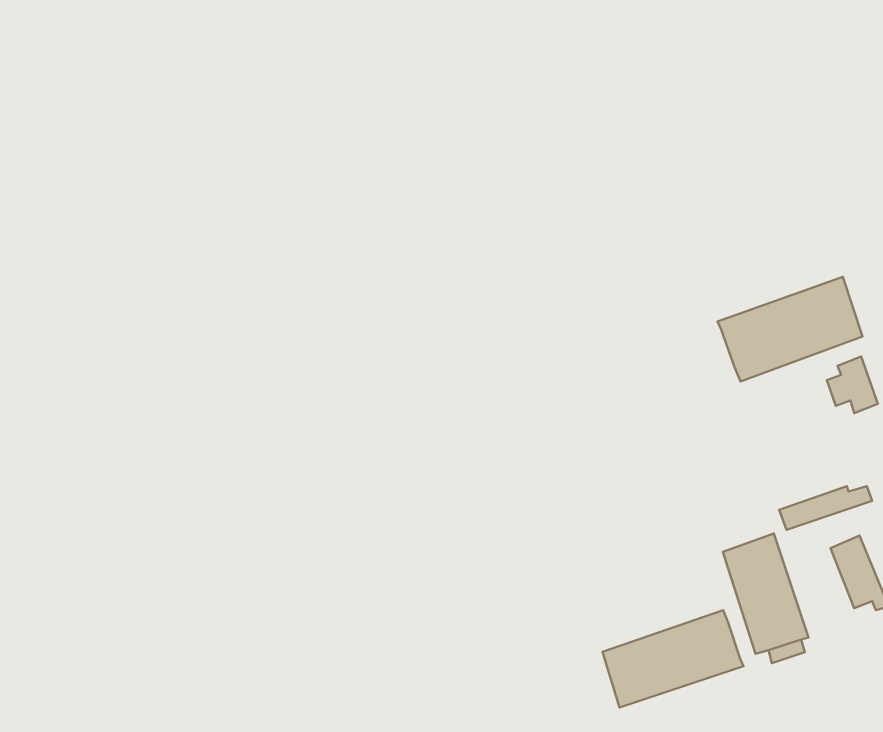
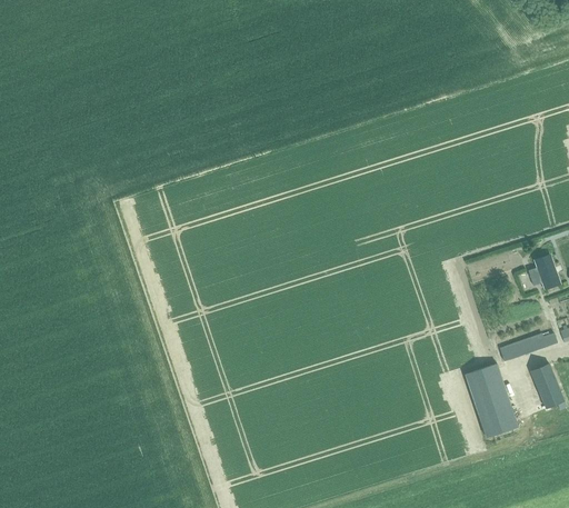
building: [718,277,863,381] -> none
building: [603,610,743,708] -> none

